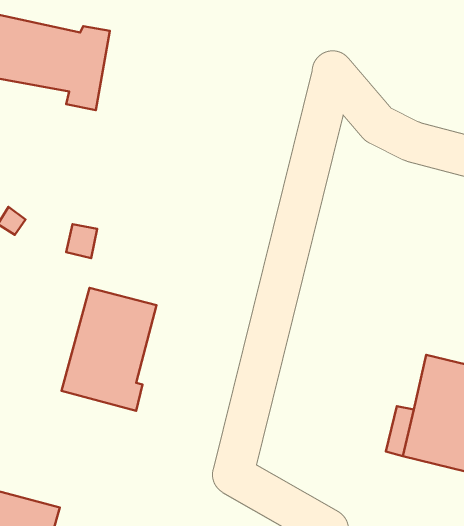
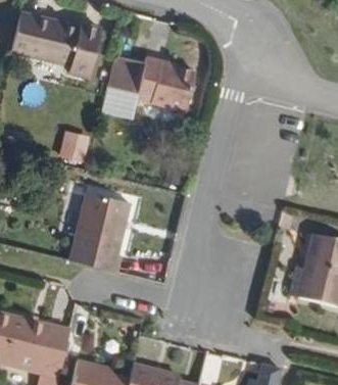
building: none -> [106,53,200,116]

